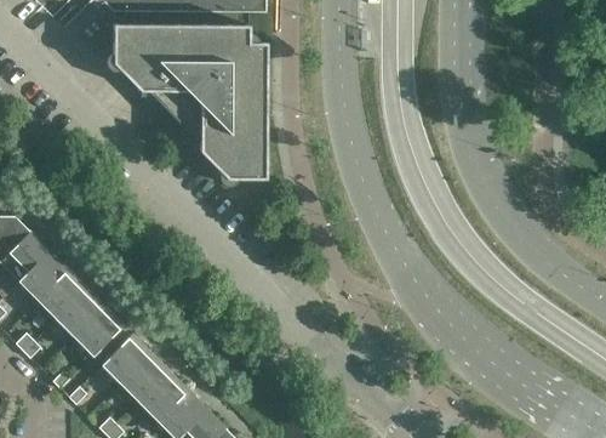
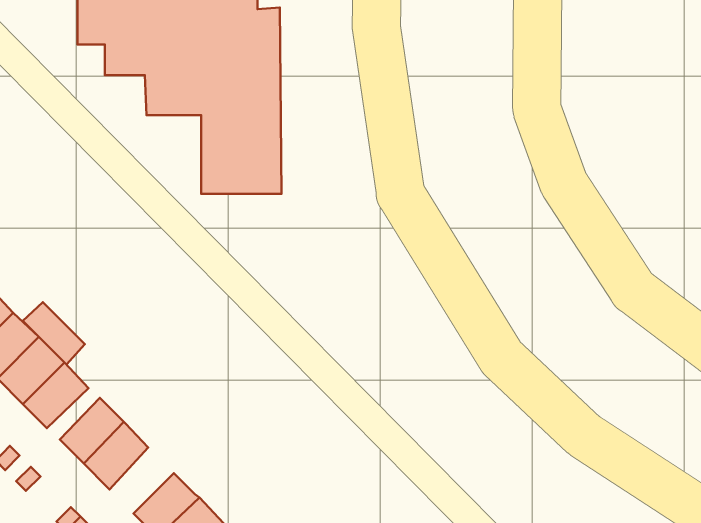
building: none -> [23,302,85,364]
building: [138,371,187,421] -> none

